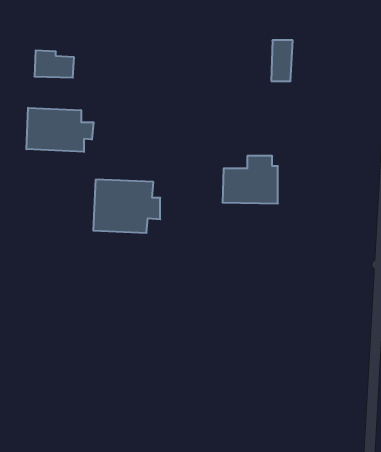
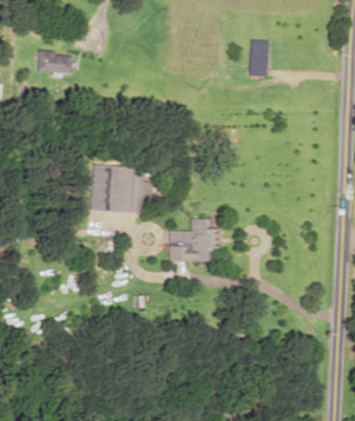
building: [26,108,94,152] -> none
building: [222,156,278,204] -> [169,219,219,261]

